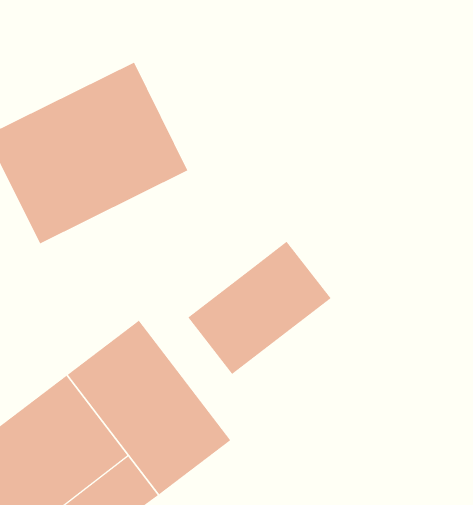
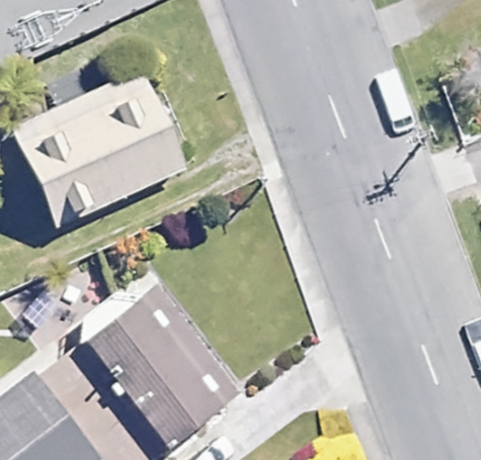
building: [187,241,331,375] -> none

